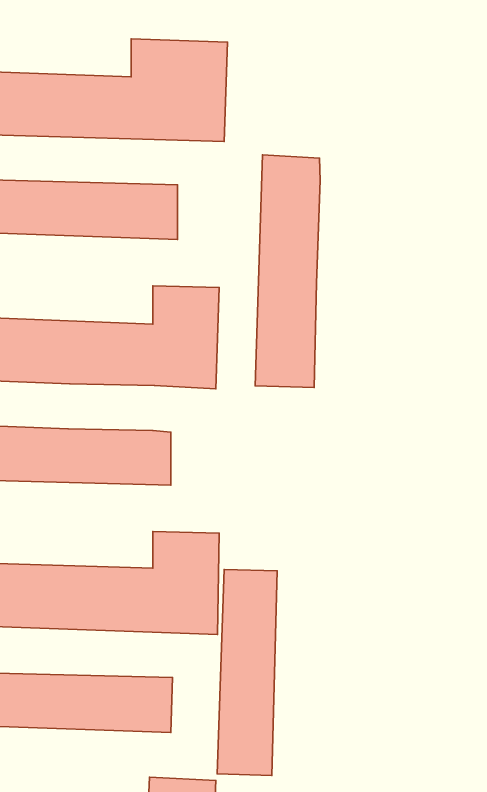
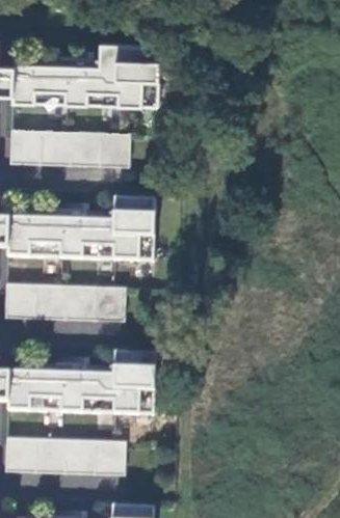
building: [255,155,320,387] -> none
building: [217,569,277,776] -> none

